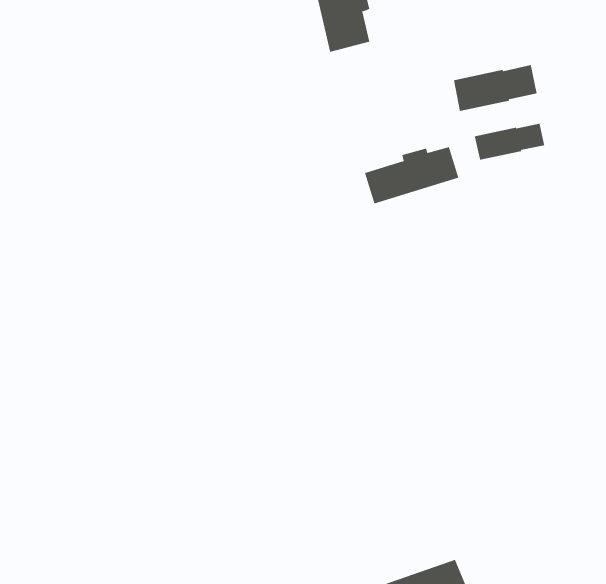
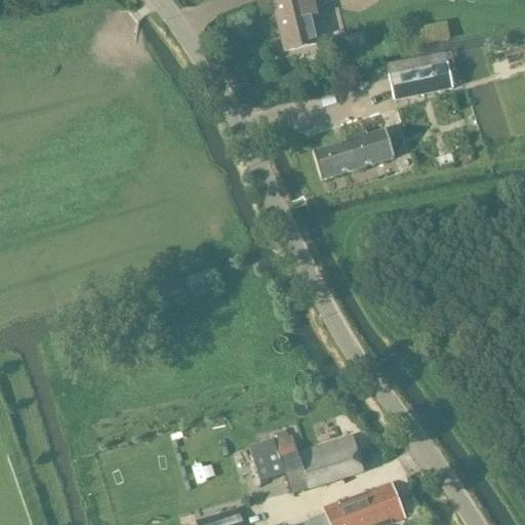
building: [474,123,545,160] -> none
building: none -> [250,433,363,491]

